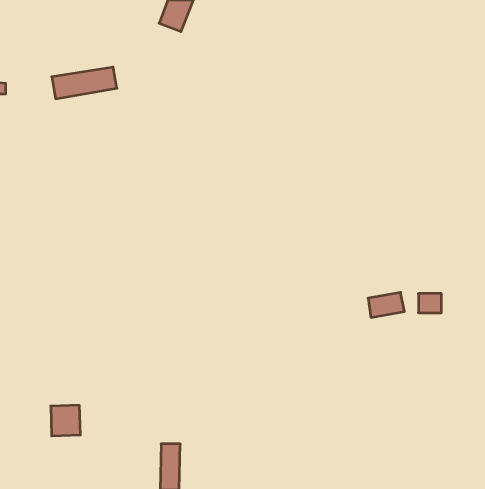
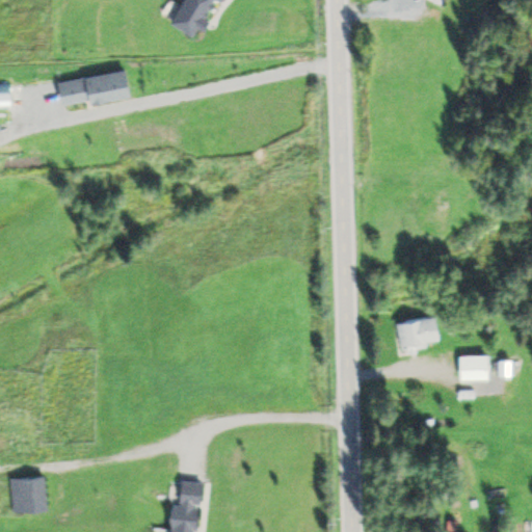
building: [418,294,441,313] -> [462,356,487,377]
building: [51,405,80,436] -> [16,477,48,510]

